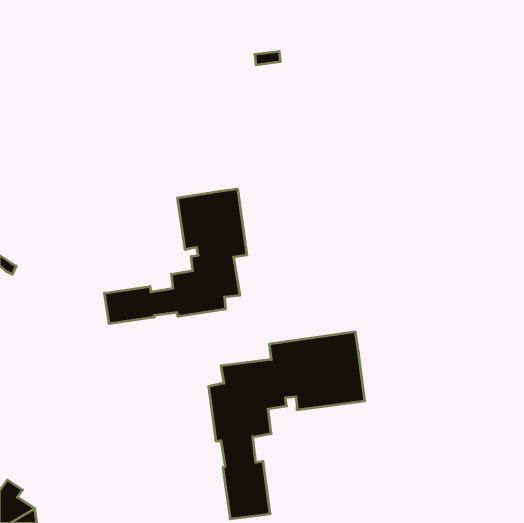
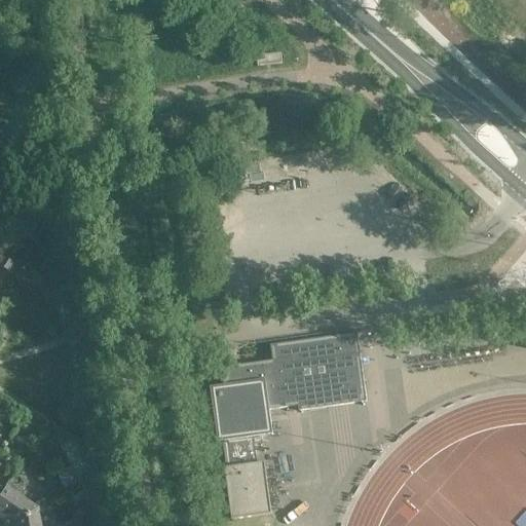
building: [104,189,247,324] -> none

